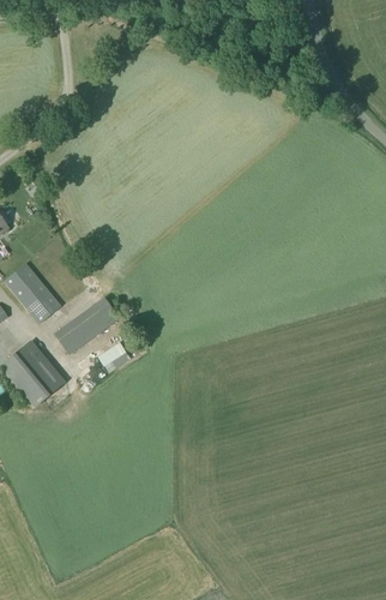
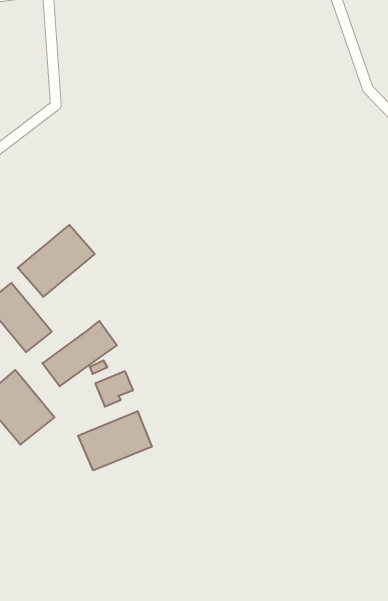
building: none -> [18,225,95,297]
building: none -> [78,411,152,470]

